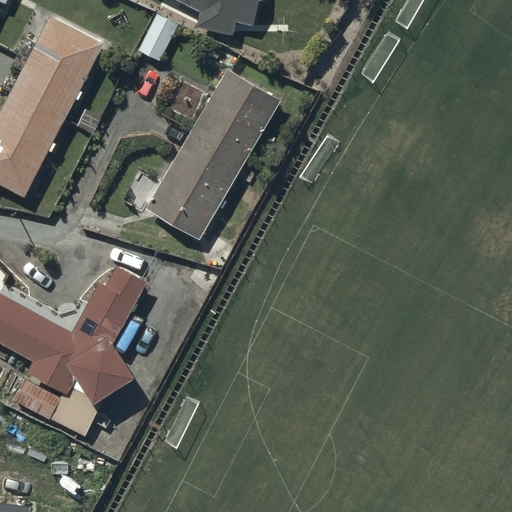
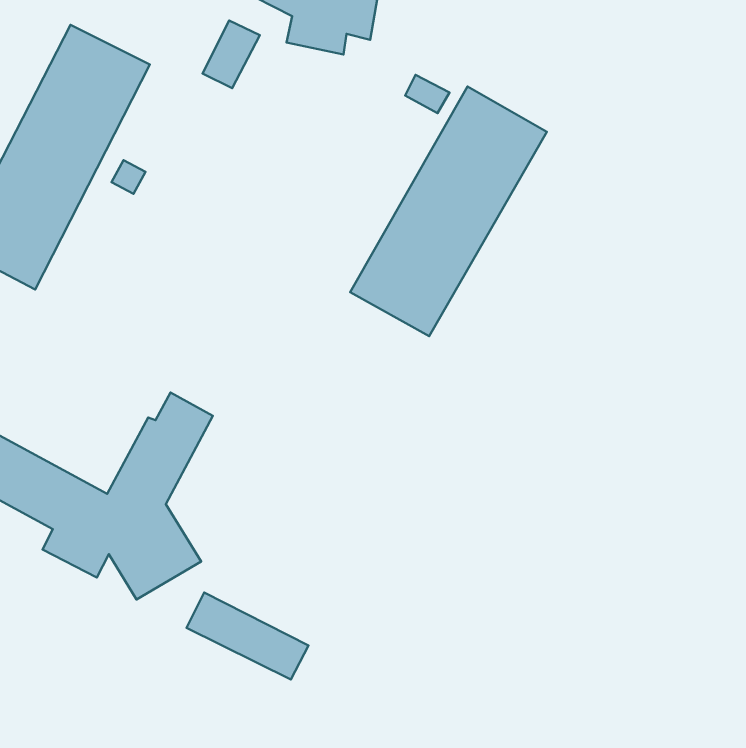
building: [146,69,280,239] -> [350,86,547,336]
building: [14,376,97,435] -> [187,593,308,679]

